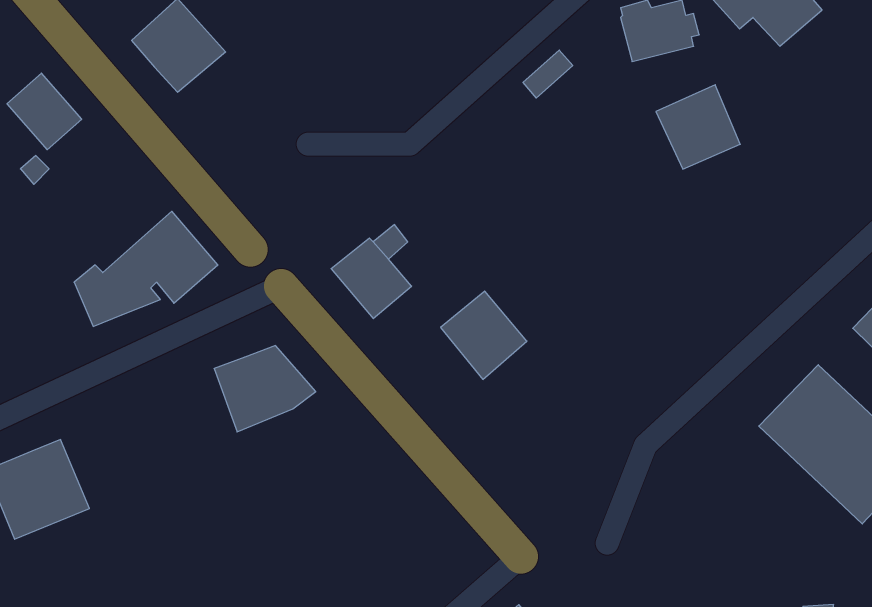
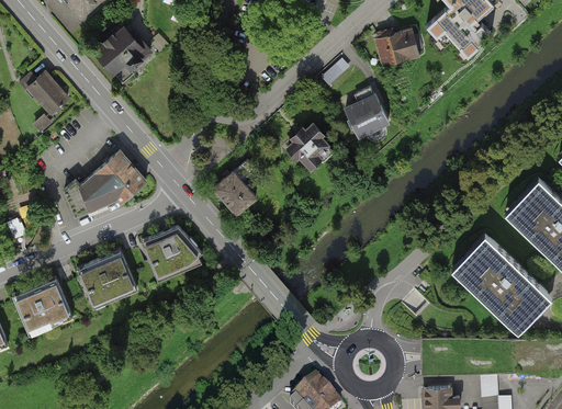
building: [656,85,740,169] -> [344,89,392,137]
building: [441,291,527,379] -> [286,121,336,171]
building: none -> [77,251,138,310]

